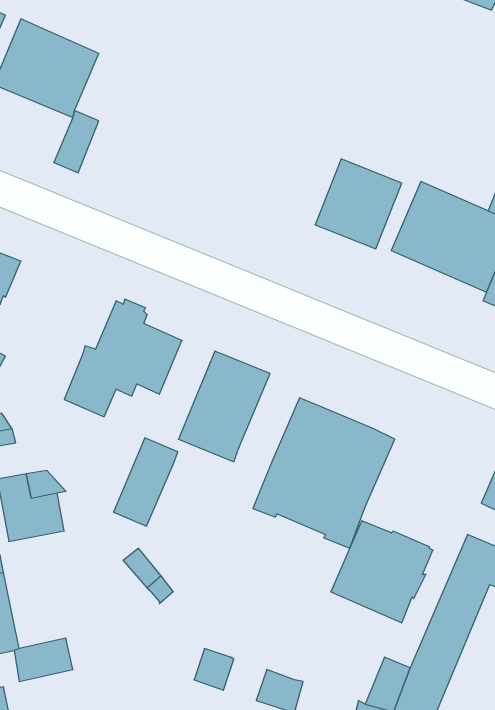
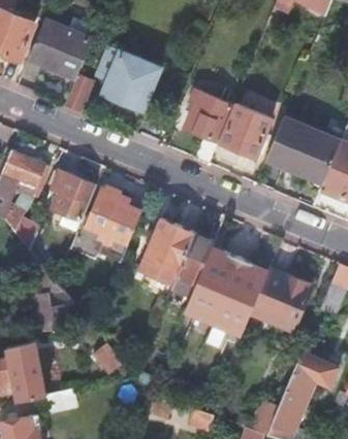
building: none -> [99,48,168,110]
building: none -> [185,91,232,166]
building: none -> [52,171,96,220]
building: [114,438,178,526] -> [176,232,214,284]
building: [331,521,433,623] -> [251,269,312,330]

